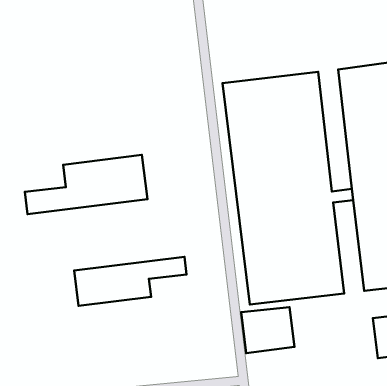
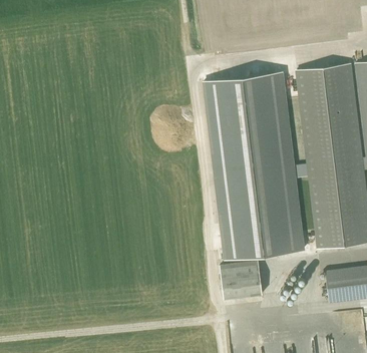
building: [25,155,147,214] -> none
building: [74,257,187,306] -> none

